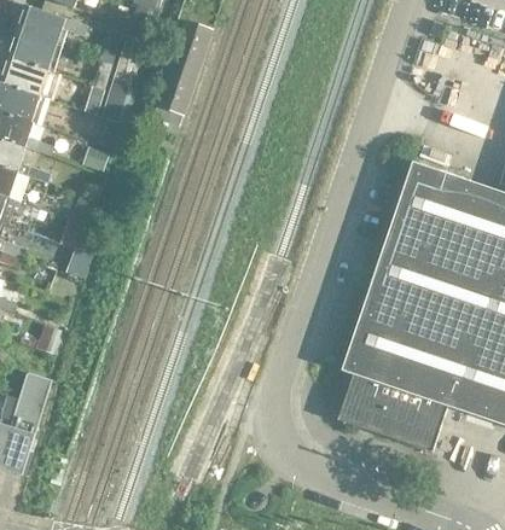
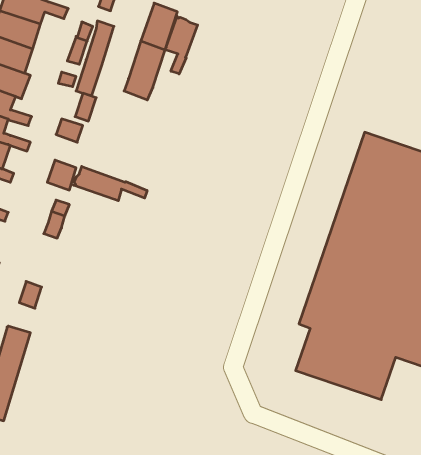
building: none -> [165,16,198,74]
building: none -> [73,166,147,201]

